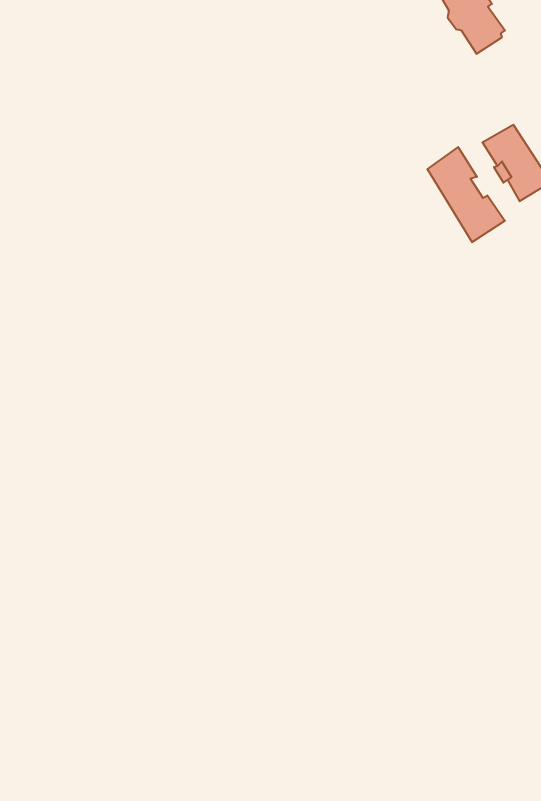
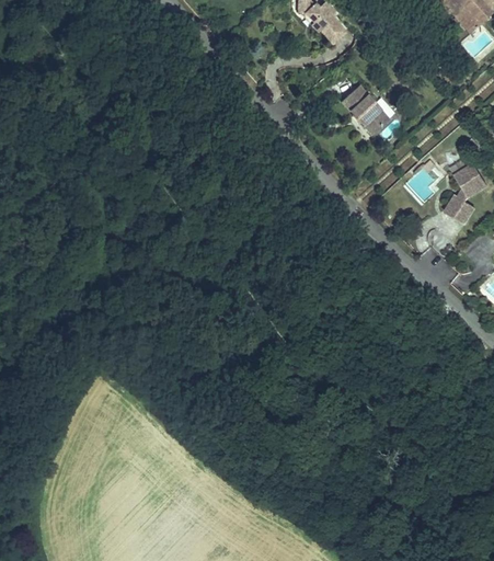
building: [427,147,505,242] -> none

